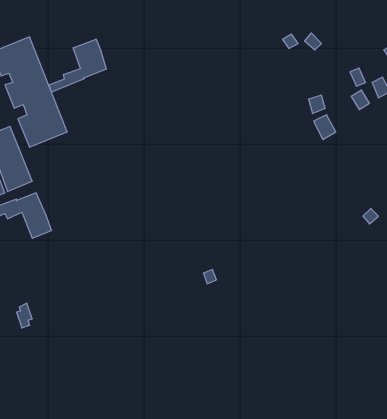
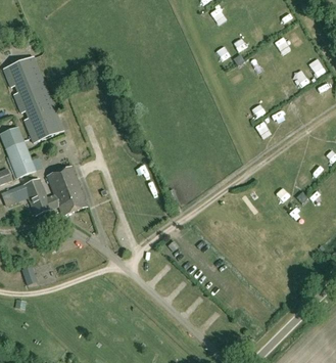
building: [49,39,106,92] -> none
building: none -> [47,166,87,216]

